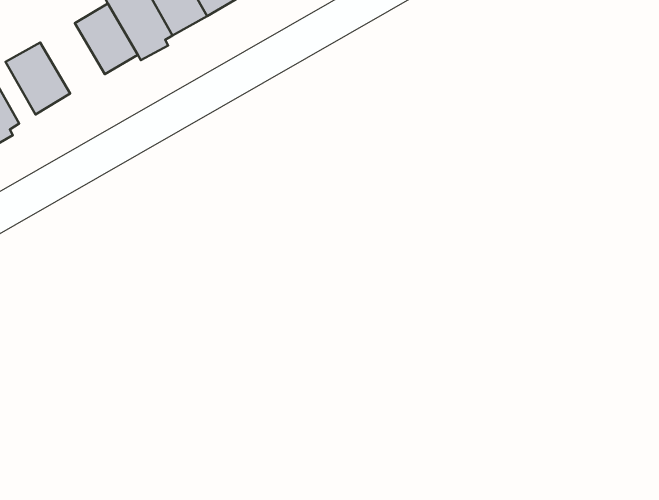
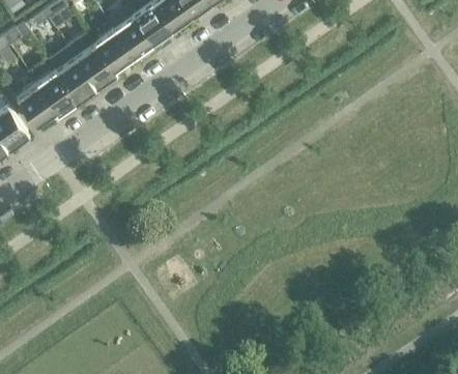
building: none -> [34,70,77,113]

